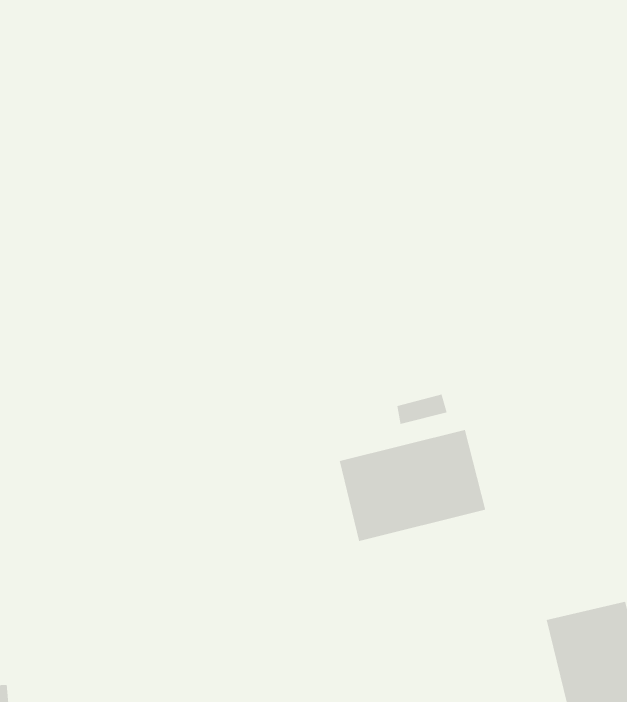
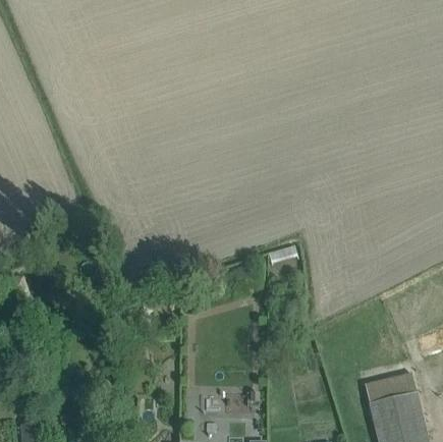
building: [339,429,486,542] -> none

